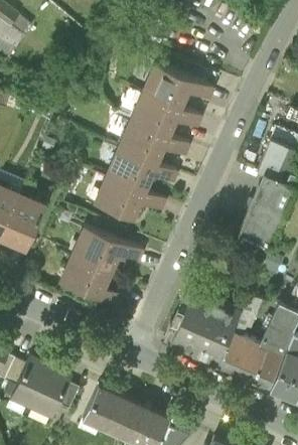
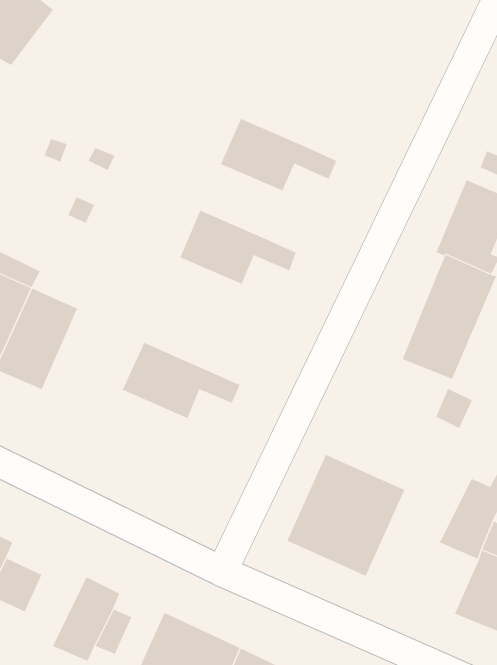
building: [143,65,213,110] -> none
building: [119,121,188,164] -> none
building: [95,176,164,220] -> none
building: [60,255,123,308] -> none
building: [217,295,284,388] -> none
building: [10,355,51,407] -> none

